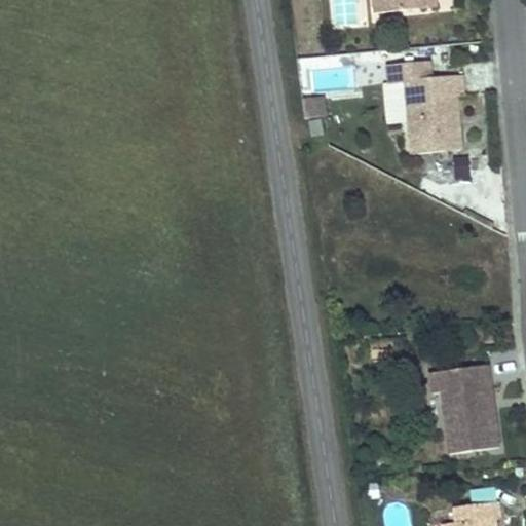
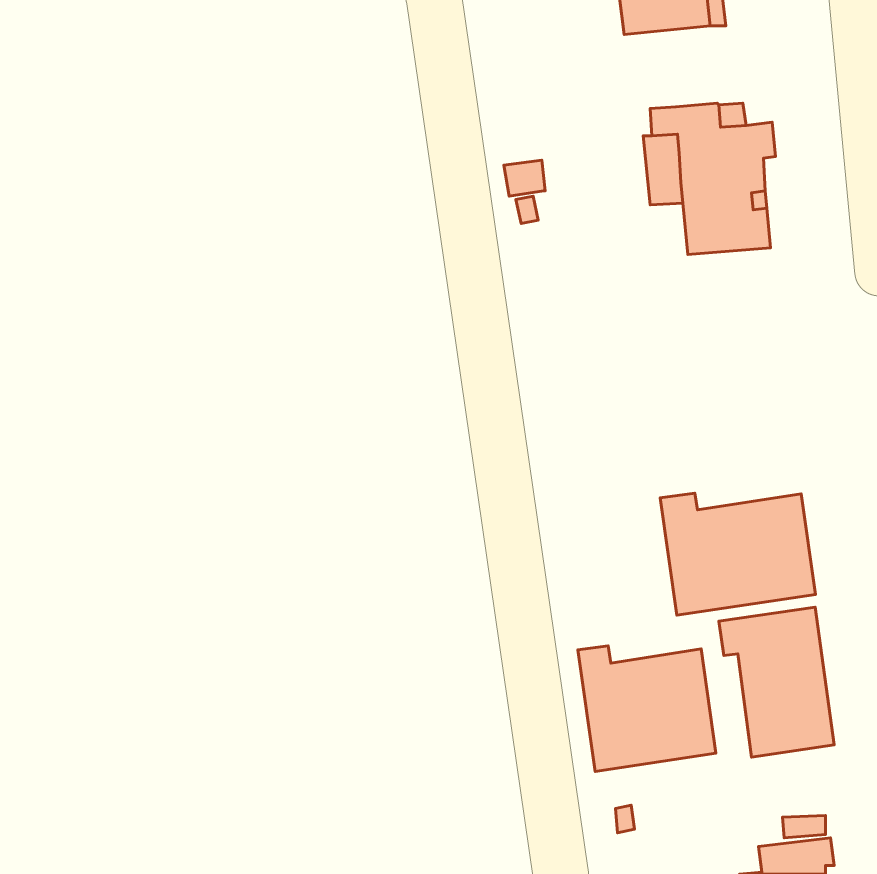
building: none -> [660,493,815,615]
building: none -> [578,646,716,771]

